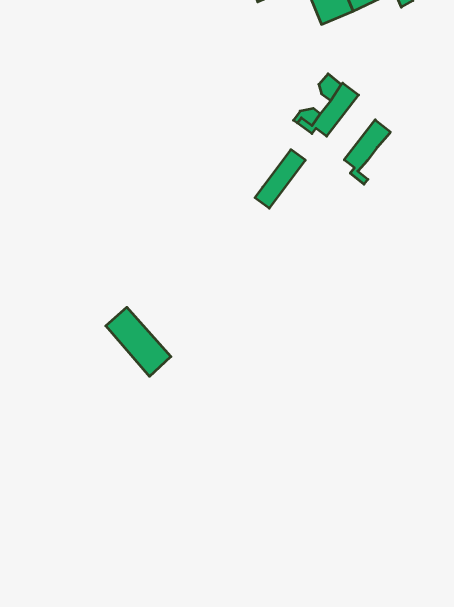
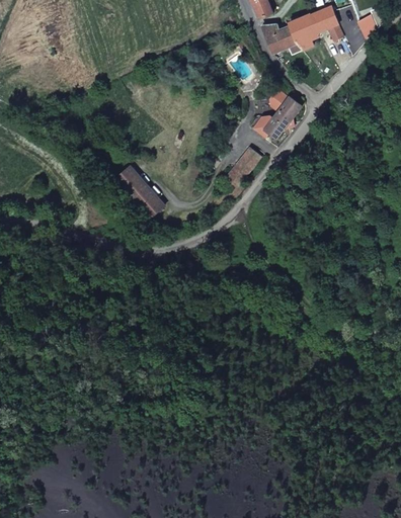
building: [344,120,390,184] -> none
building: [106,307,171,376] -> [115,168,165,221]

